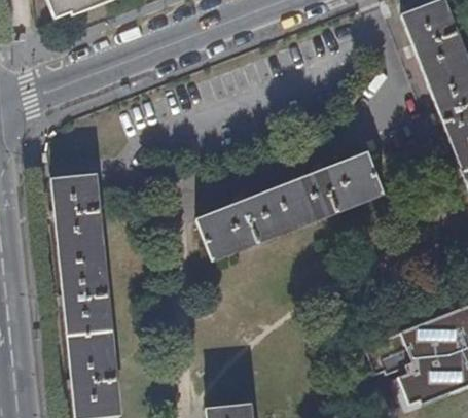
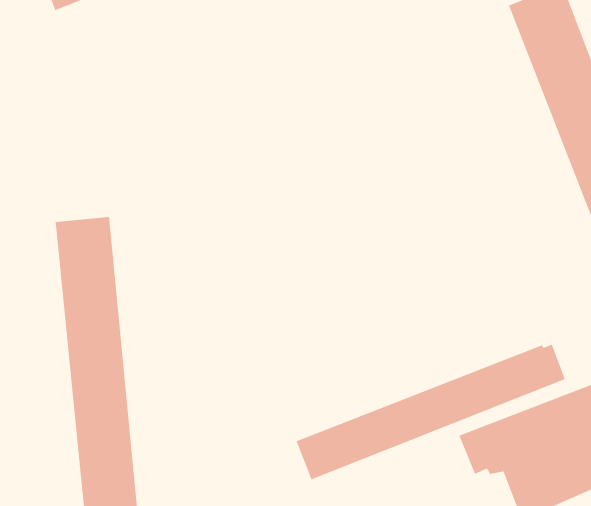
building: [199,152,386,259] -> none
building: none -> [296,344,566,480]

